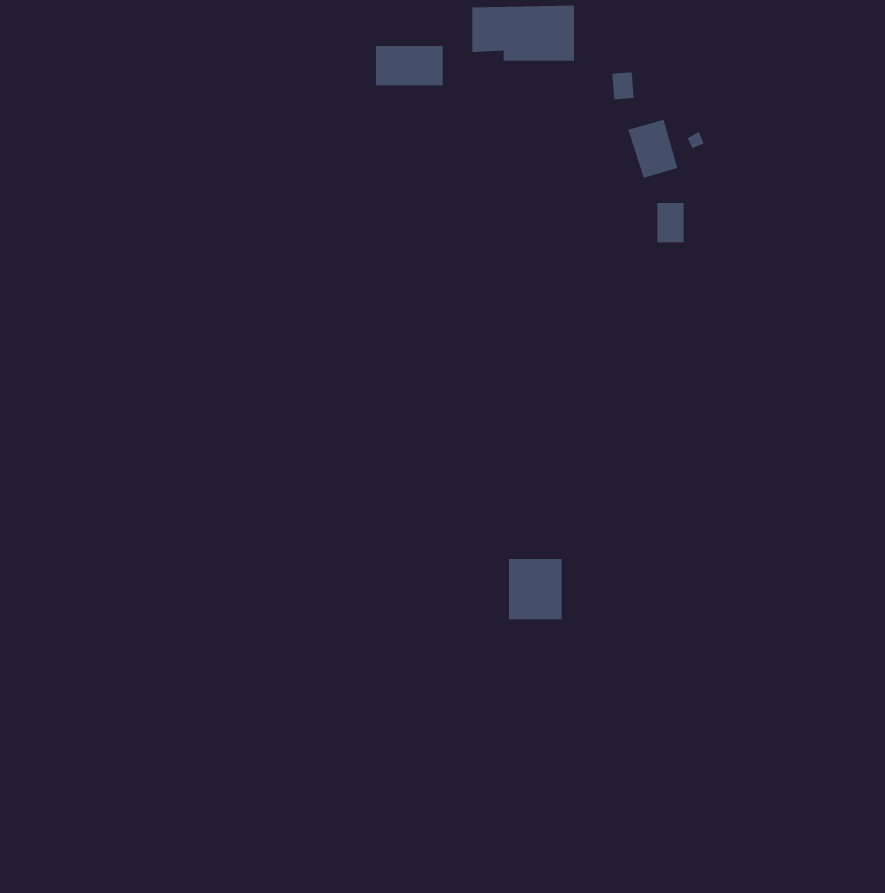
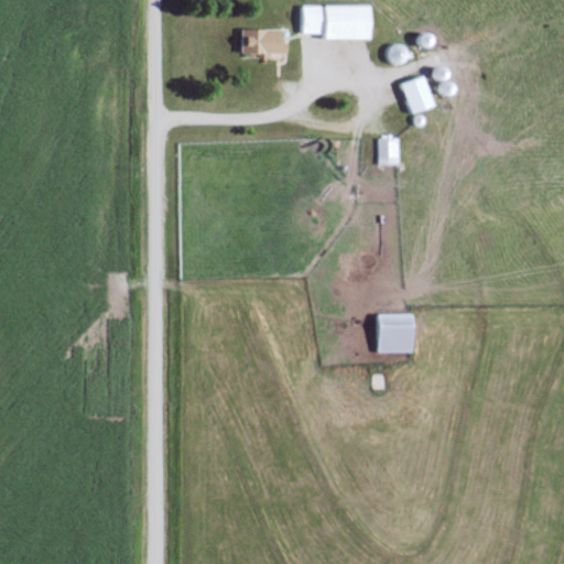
building: [657,202,685,243] -> [380,138,398,163]
building: [508,558,562,620] -> [377,314,411,352]

